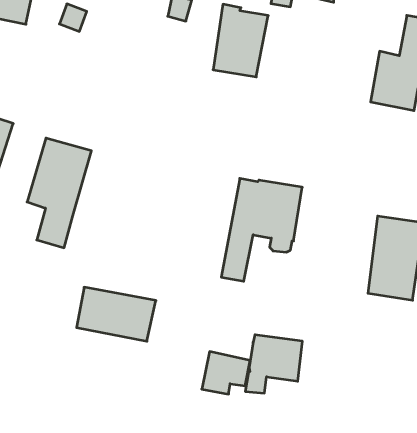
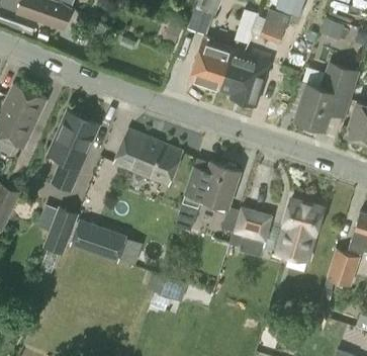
building: none -> [218,49,269,105]
building: none -> [114,129,180,185]
building: none -> [42,206,79,255]
building: [245,335,302,393] -> [228,206,273,248]

